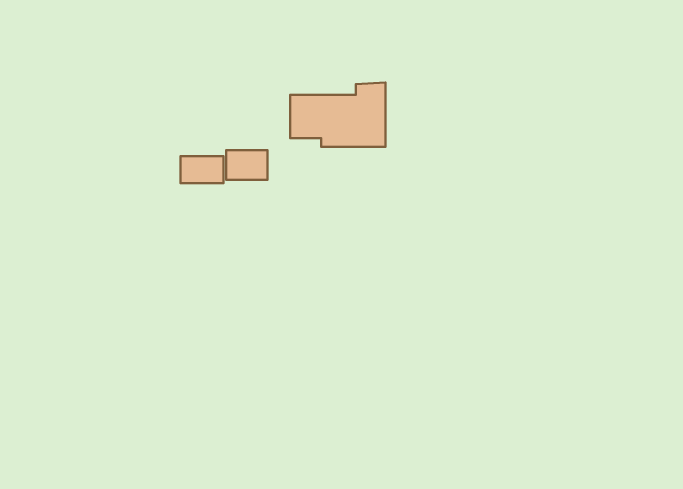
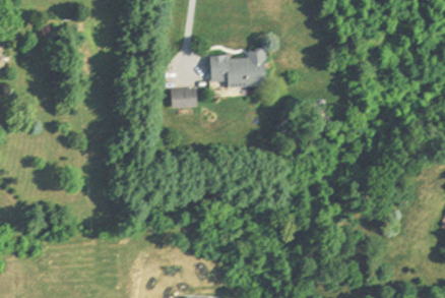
building: [180,156,223,183] -> none

